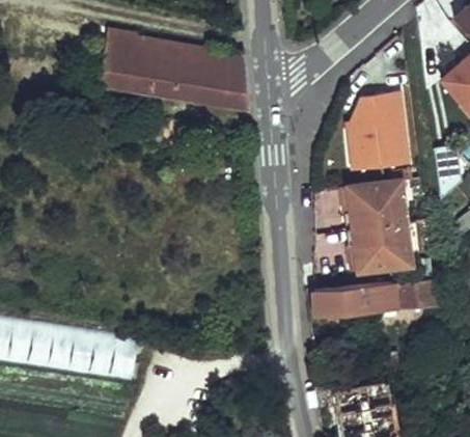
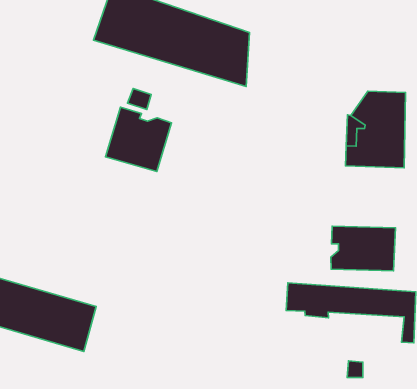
building: none -> [106,107,172,172]
building: [342,180,407,228] -> none

